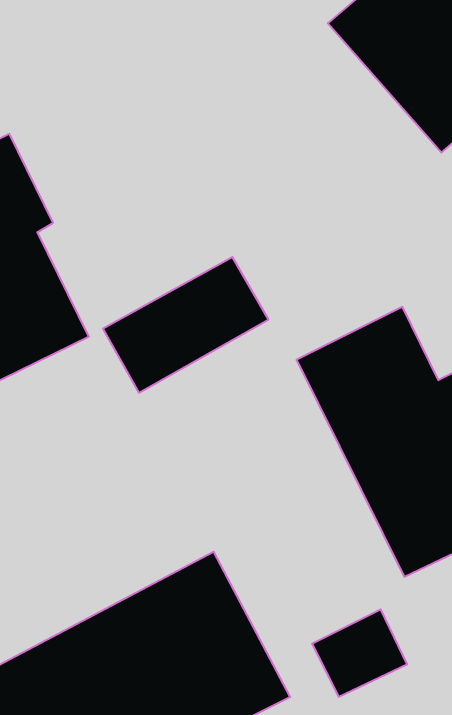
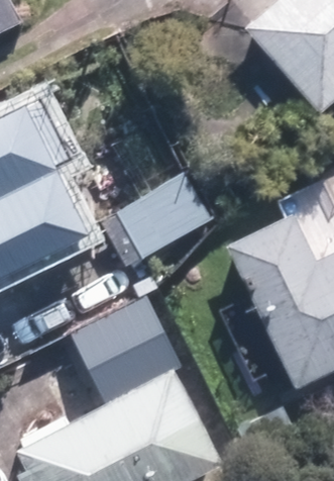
building: none -> [72,297,180,399]

